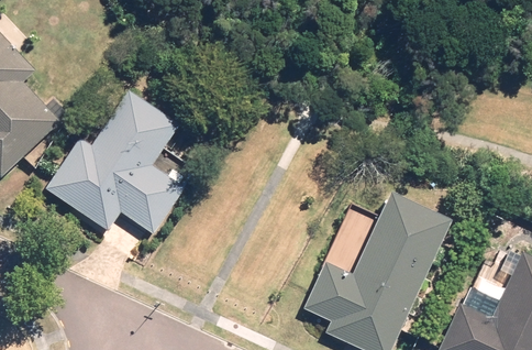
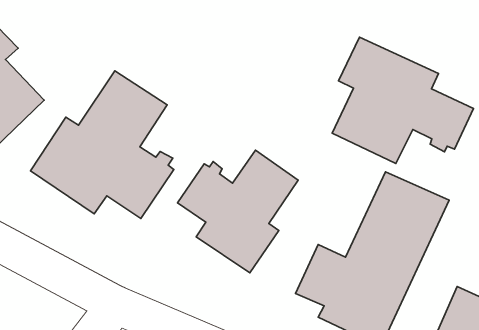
building: none -> [332,37,474,164]
building: none -> [178,150,298,273]

